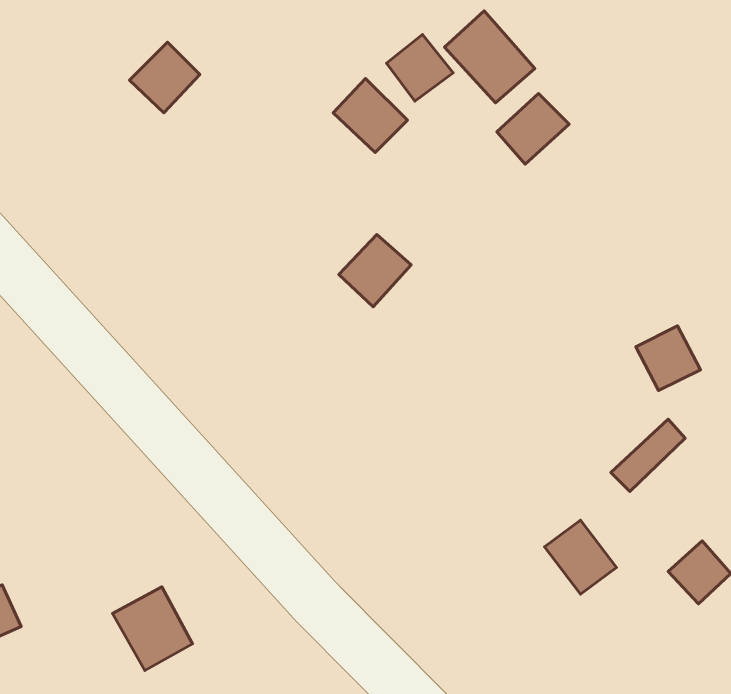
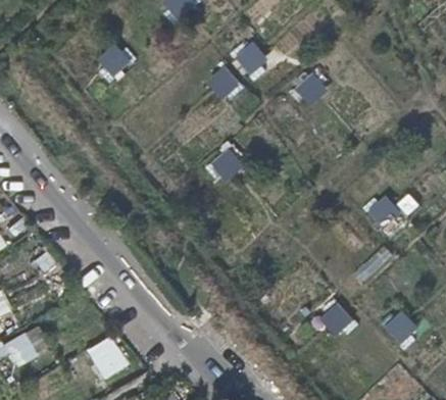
building: [444,11,535,103] -> none

